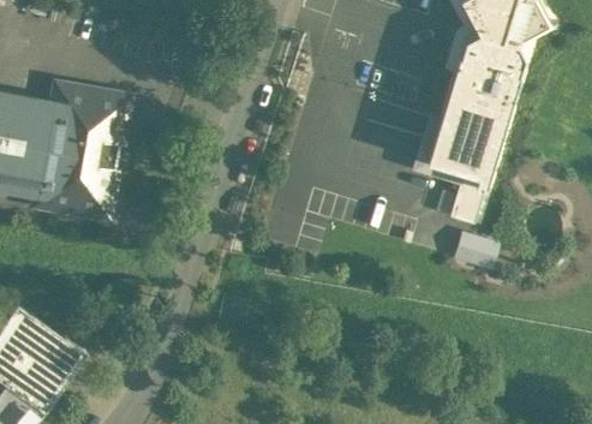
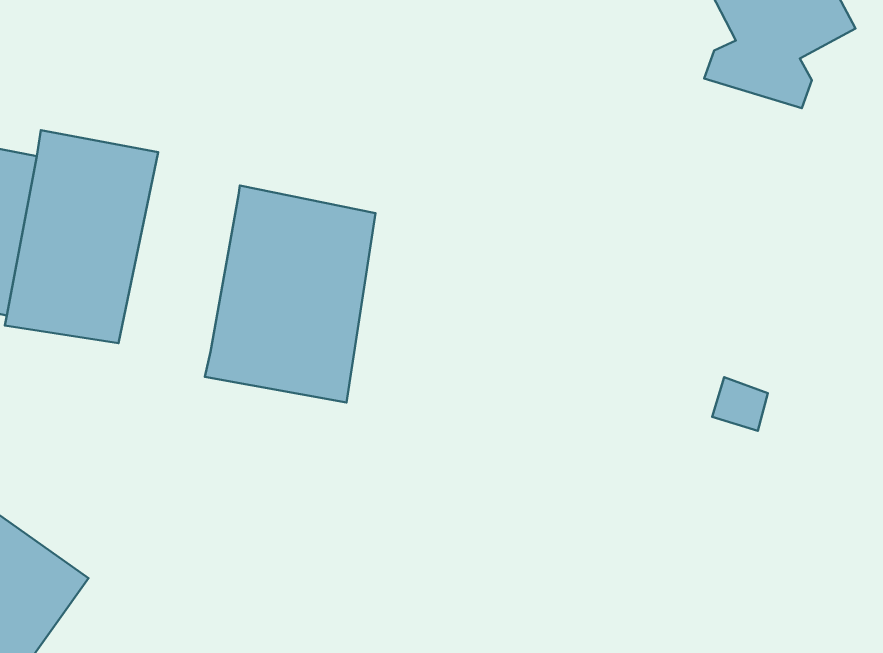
building: [423,54,515,222] -> none
building: none -> [205,185,376,403]

